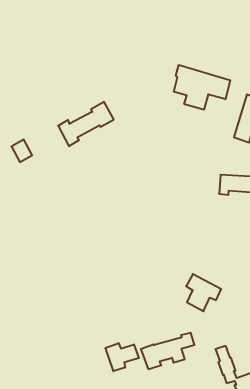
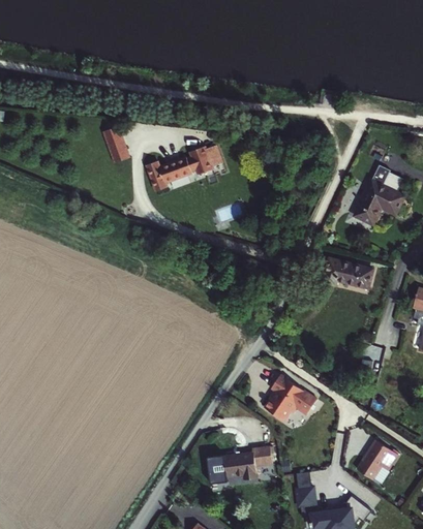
building: [174,65,230,110] -> none
building: [11,140,32,162] -> [104,137,128,164]
building: [105,343,139,371] -> none

